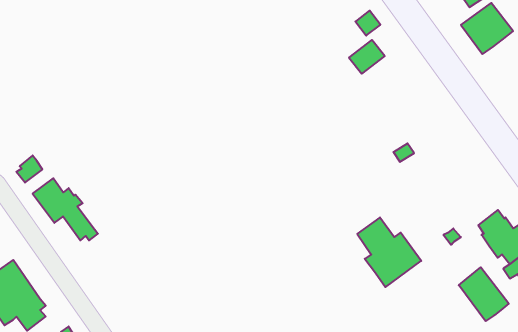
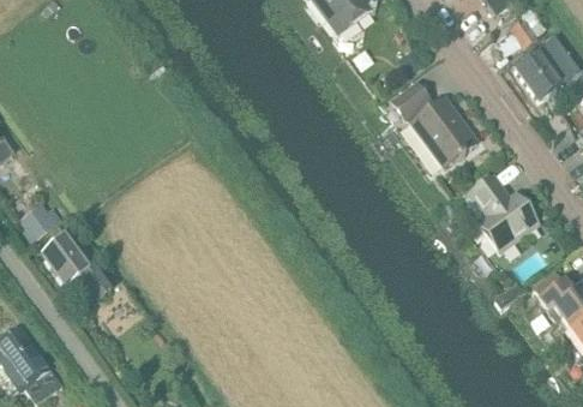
building: none -> [410,96,477,166]
building: [357,217,421,287] -> [468,174,539,251]
building: [459,267,509,321] -> none

